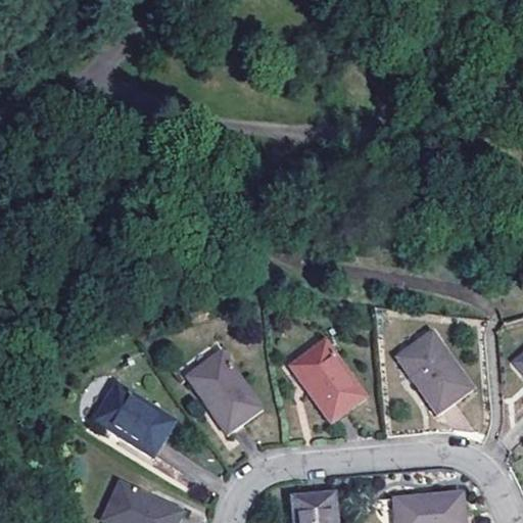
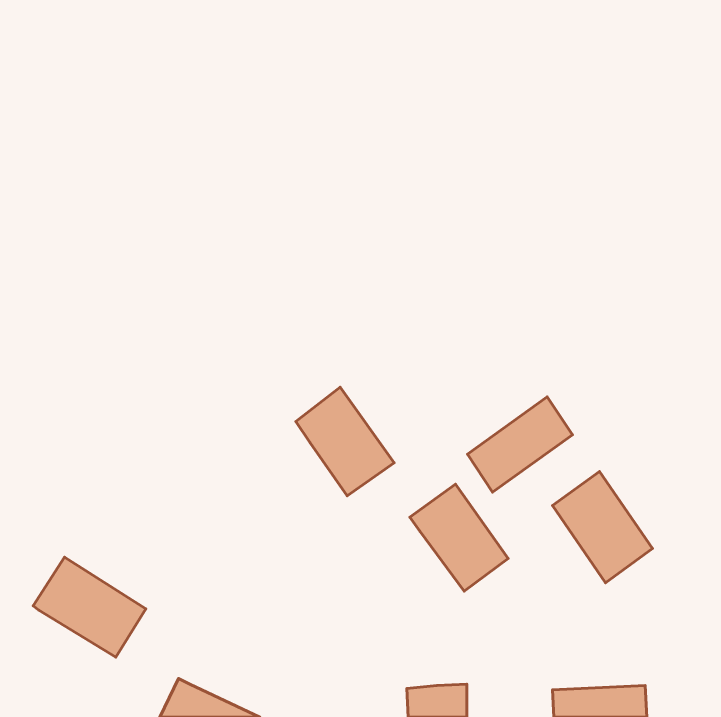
building: none -> [467,397,572,492]
building: [191,353,262,431] -> [296,387,394,496]
building: [104,391,185,463] -> [33,557,146,657]

